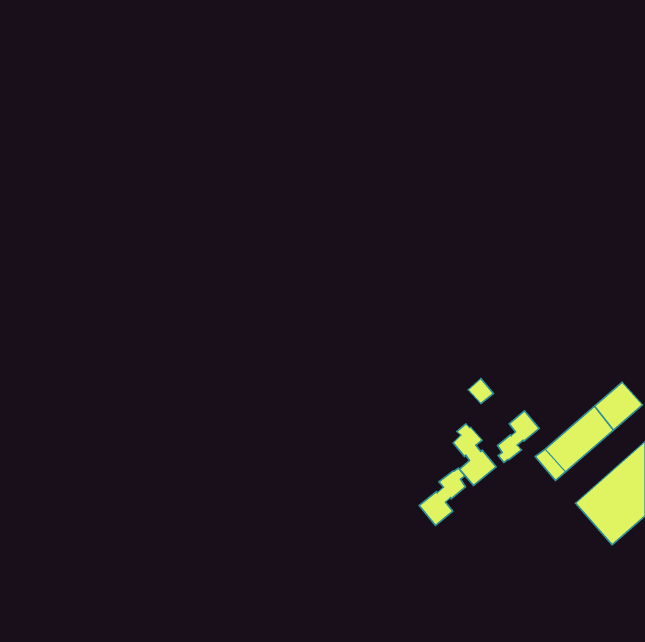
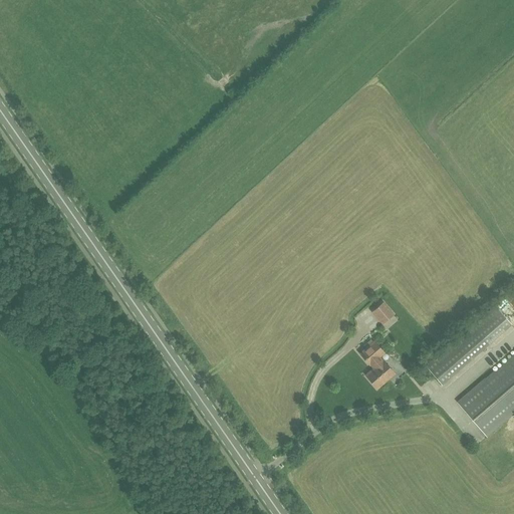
building: [498,411,539,462] -> none
building: [419,468,466,525] -> none

